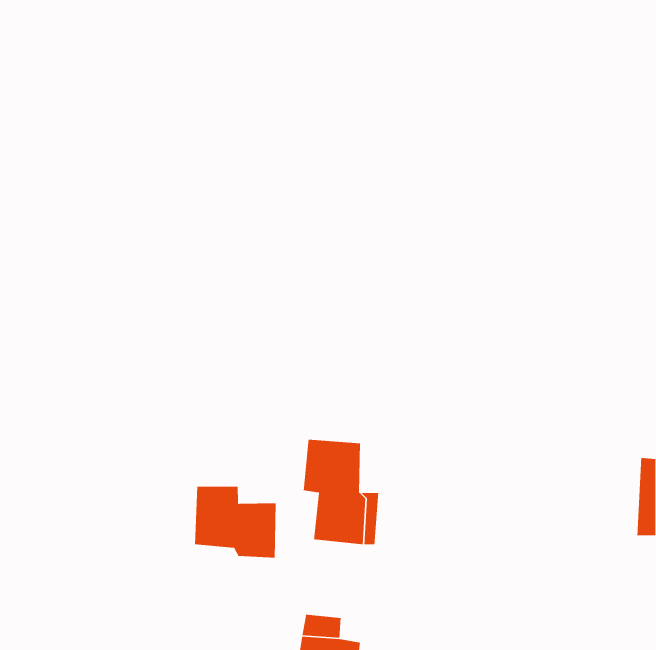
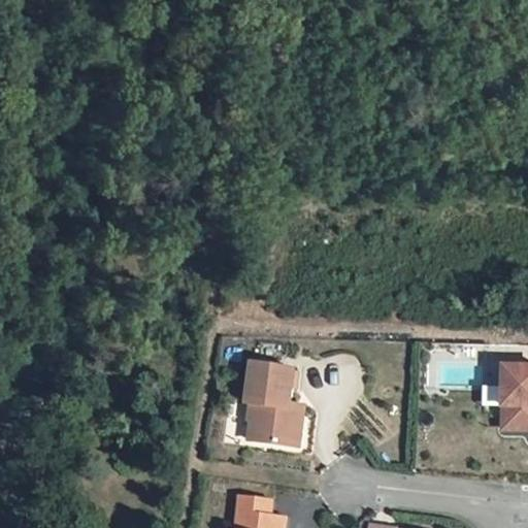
building: [194,486,277,559] -> none

